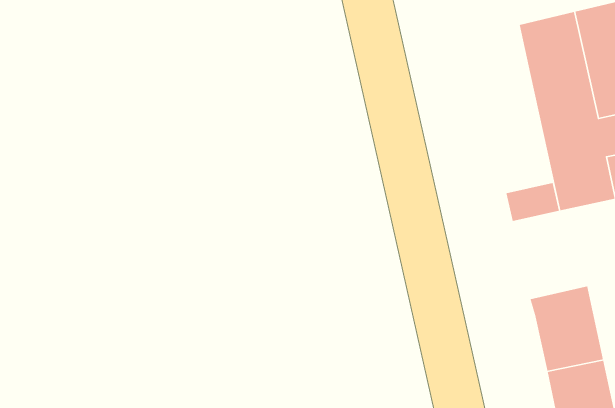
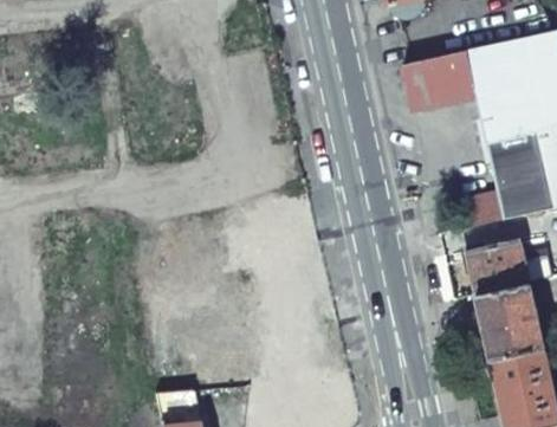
building: none -> [404,51,478,109]
building: none -> [468,240,530,296]

